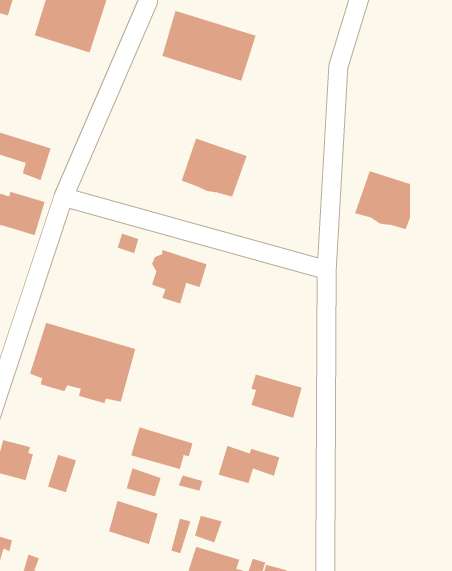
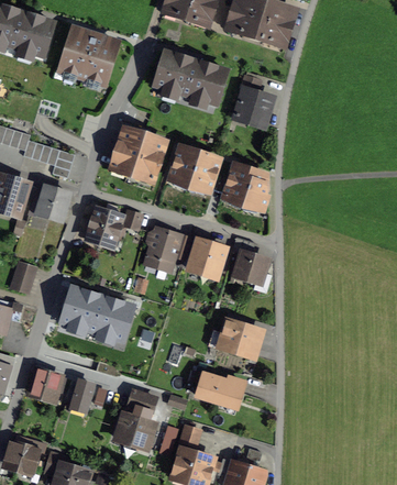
building: none -> [235,76,272,124]
building: none -> [111,126,164,179]
building: [354,170,411,230] -> [223,165,265,209]
building: none -> [86,208,122,245]
building: none -> [232,236,271,291]
building: none -> [183,239,224,278]
building: [130,427,193,470] -> none

